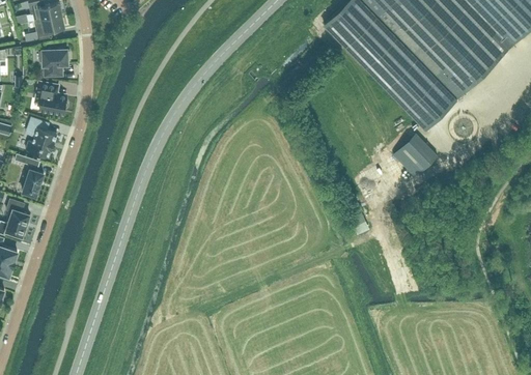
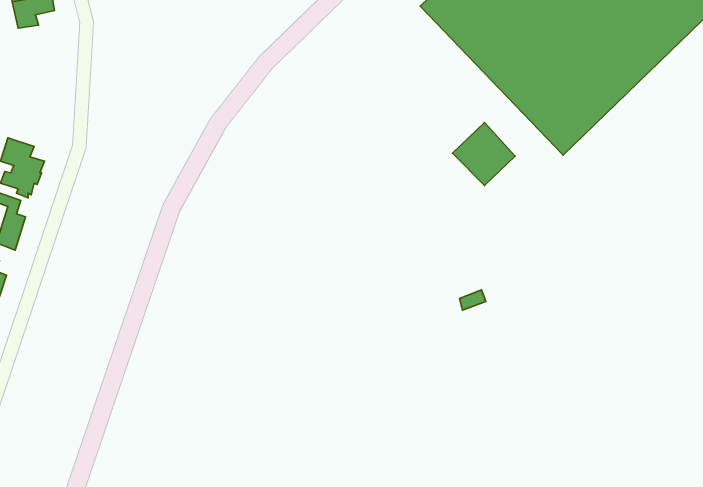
building: [43,49,71,77] -> none
building: [35,82,68,115] -> none
building: [392,133,437,177] -> [452,123,515,185]

